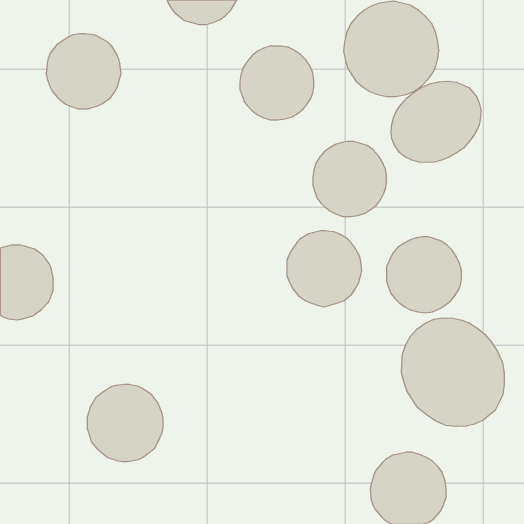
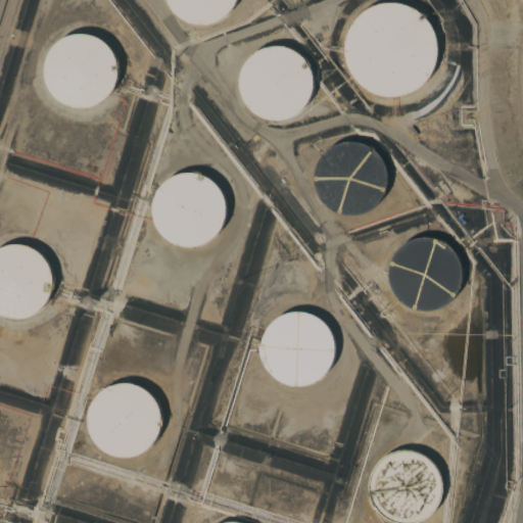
building: [391,81,481,162] -> none
building: none -> [153,173,227,247]
building: [287,231,362,307] -> [262,311,336,386]
building: [402,318,504,427] -> none

